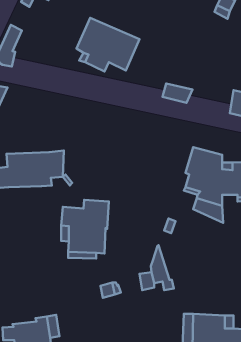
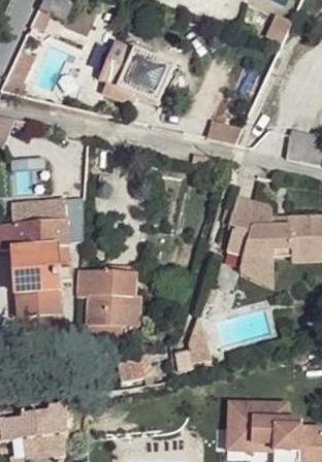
building: none -> [15,245,70,316]

